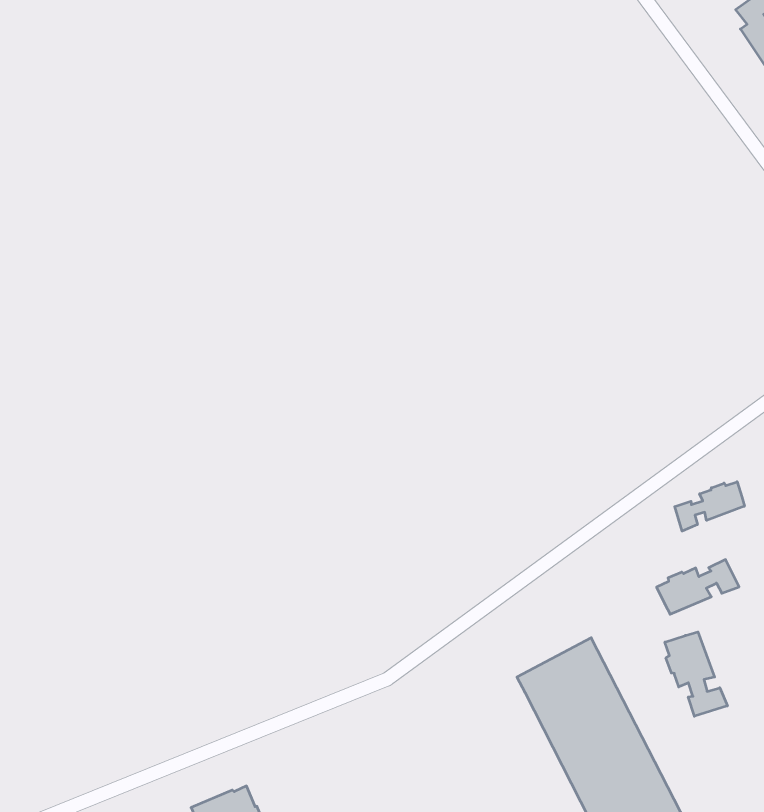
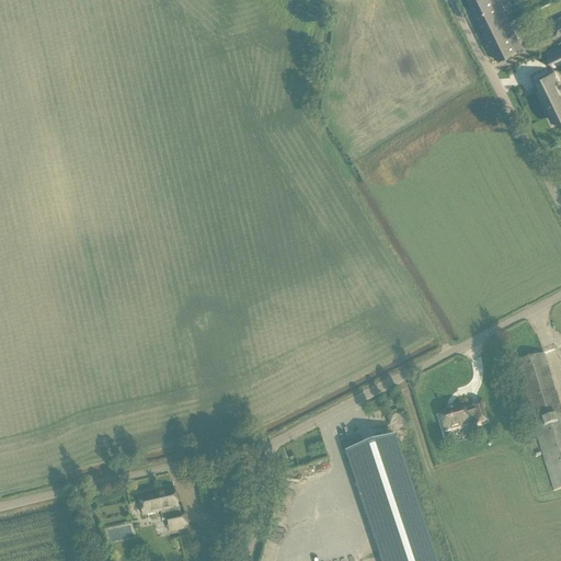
building: [675,482,744,531] -> none
building: [665,632,727,716] -> none

